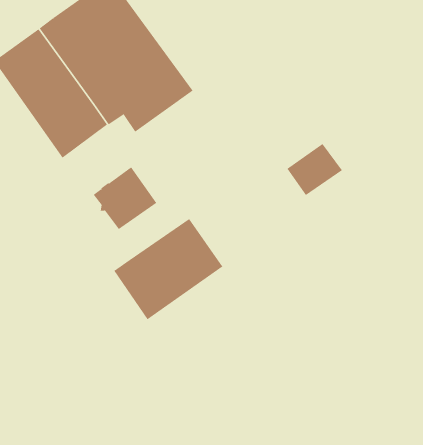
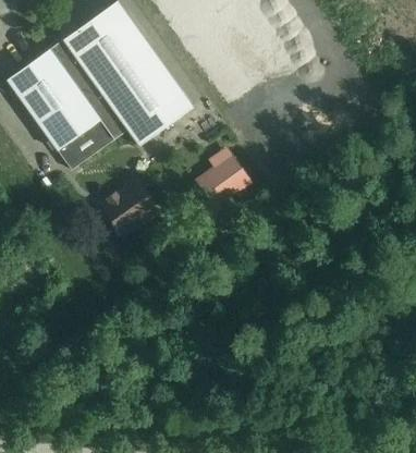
building: [287,143,343,196] -> [198,156,250,205]
building: [114,218,223,320] -> none

